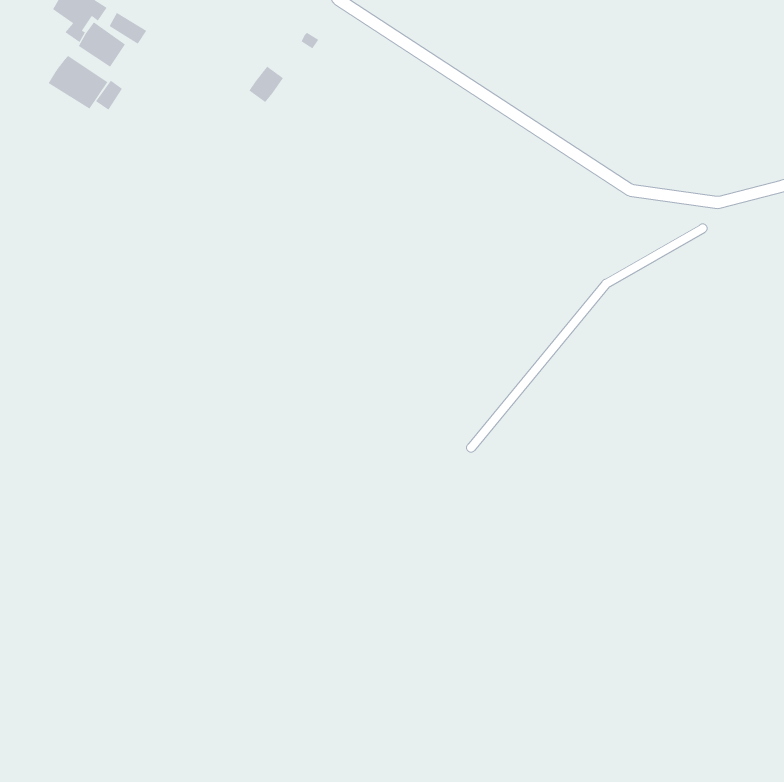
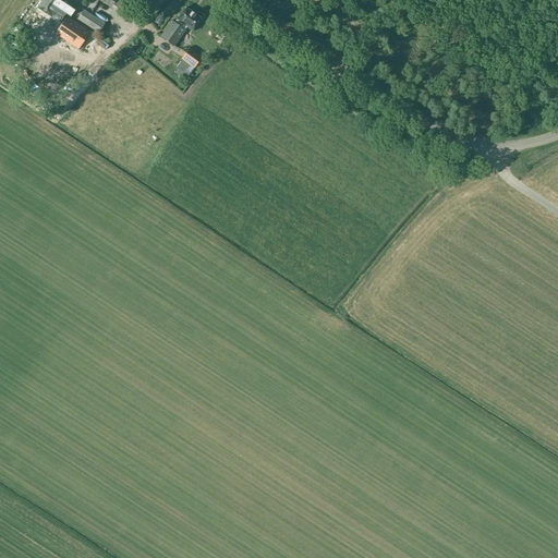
building: none -> [160,7,202,45]
building: [48,55,108,110] -> none

